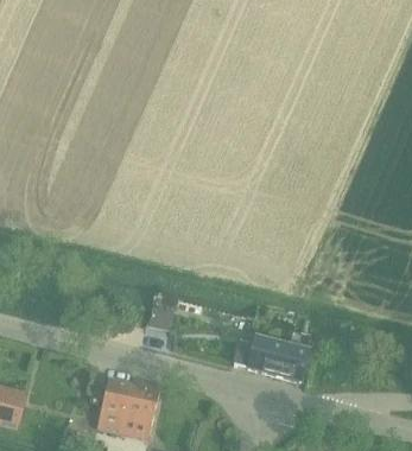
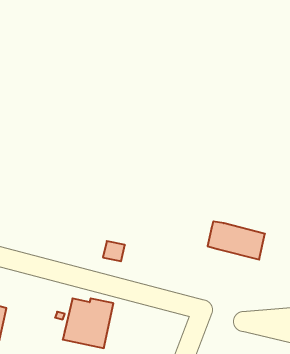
building: [235,334,306,381] -> [208,221,265,260]

